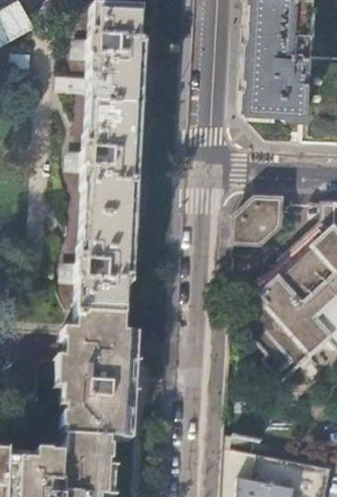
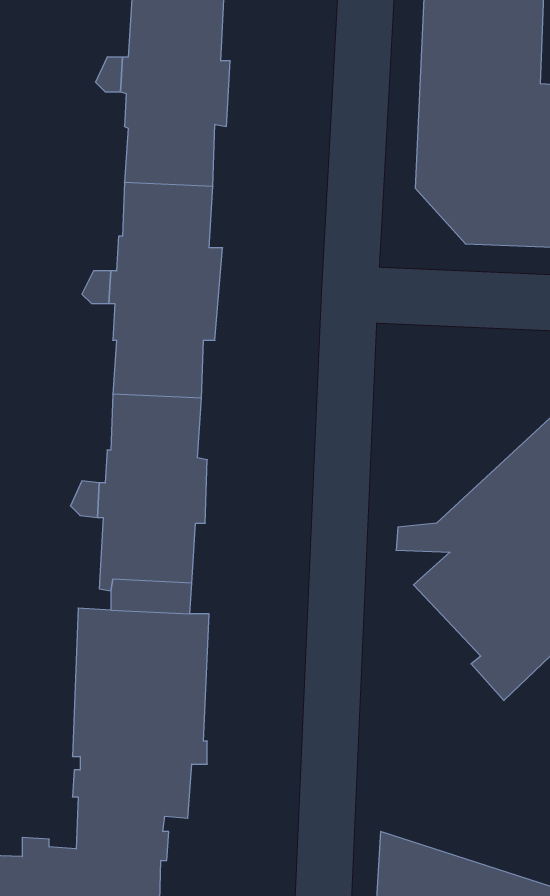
building: [236,199,283,243] -> none

